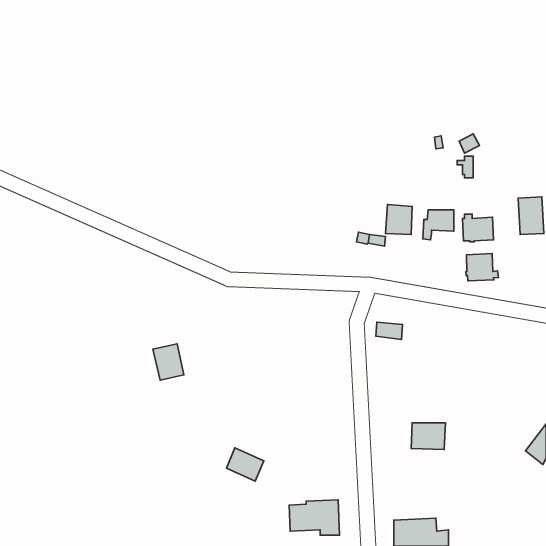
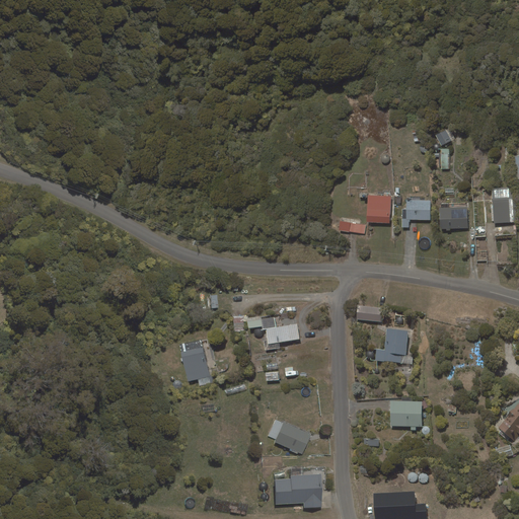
building: [466,254,498,281] -> none
building: none -> [265,323,298,343]
building: [153,344,184,380] -> [179,346,209,380]
building: none -> [374,327,407,362]
building: [226,448,264,481] -> [275,422,310,453]

